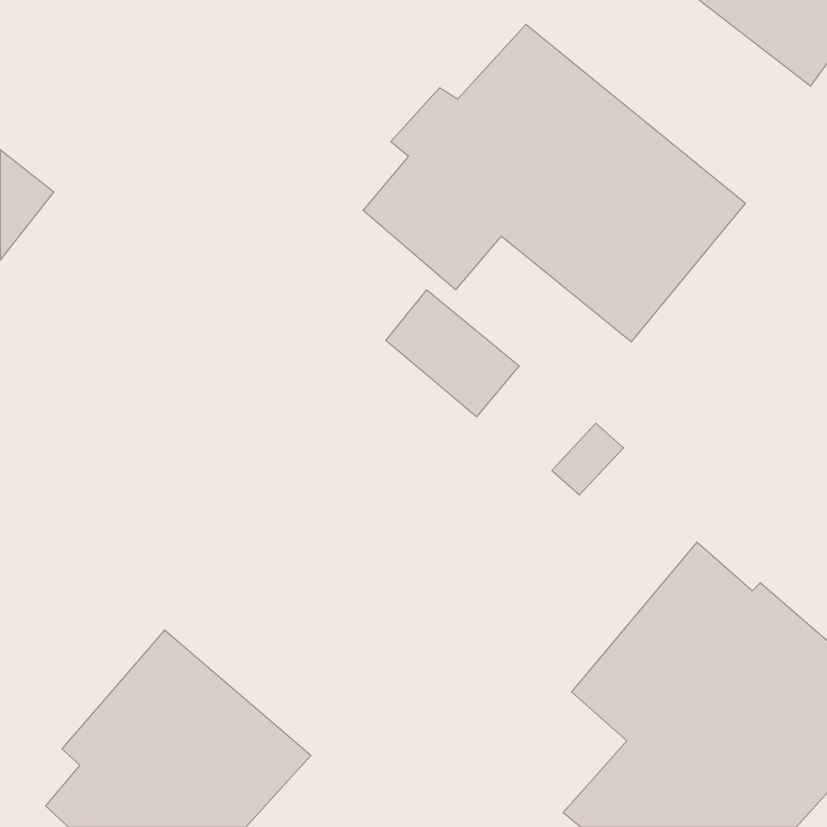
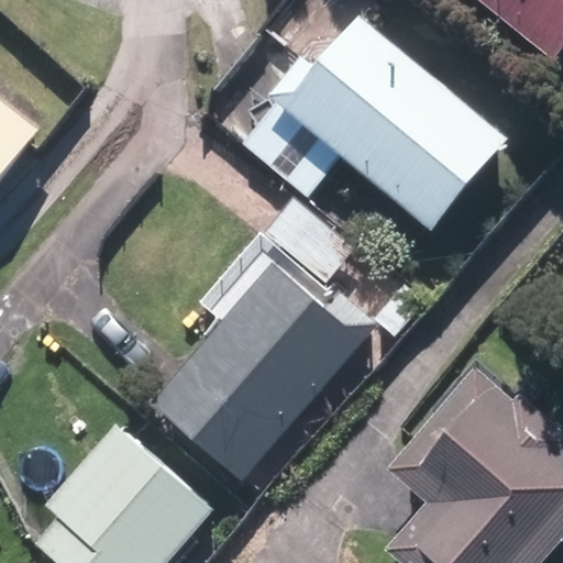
building: none -> [150,264,378,483]

